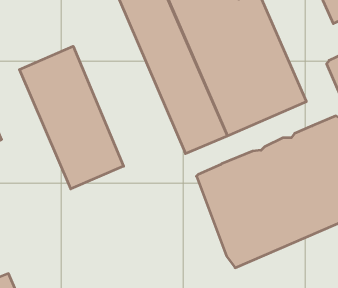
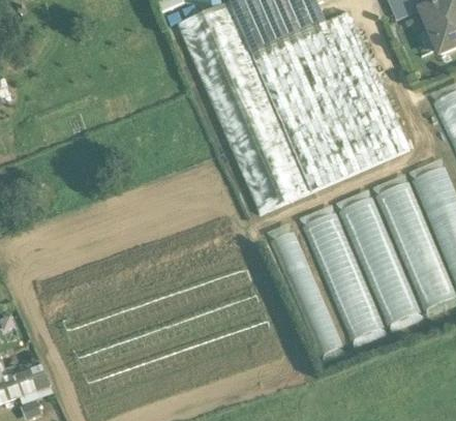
building: [19,46,124,189] -> none

